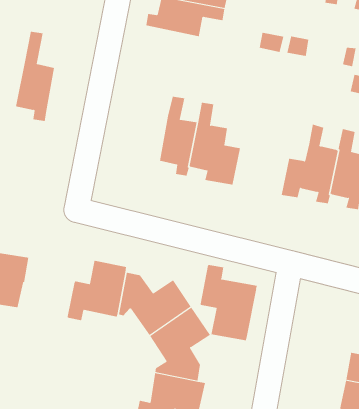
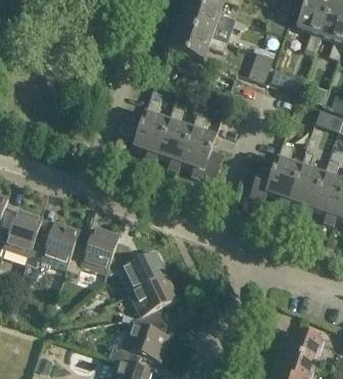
building: [15,31,55,122] -> [133,88,168,161]
building: none -> [23,221,80,277]
building: [200,264,257,341] -> none

